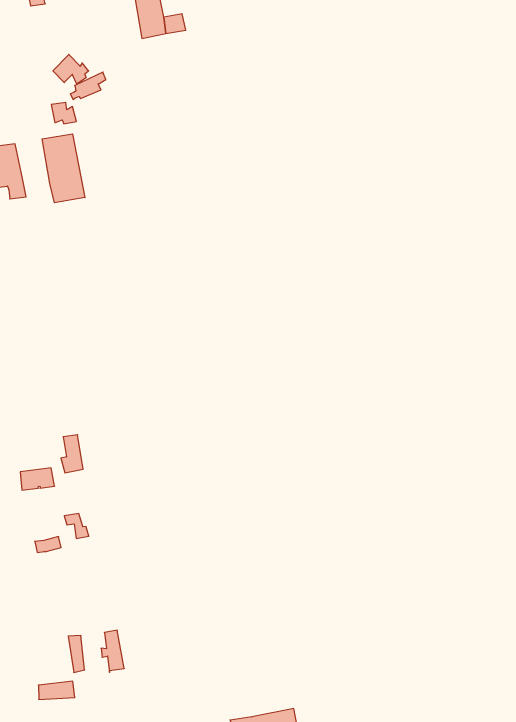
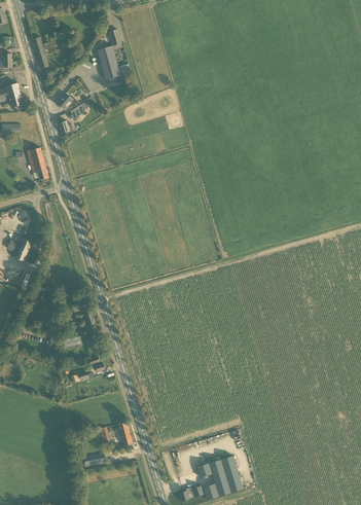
building: [42,134,85,203] -> none

